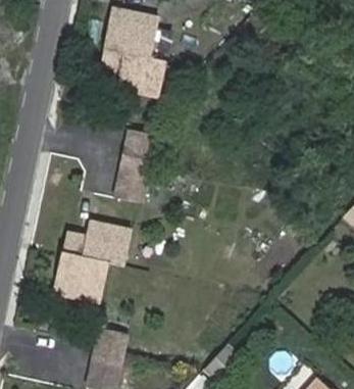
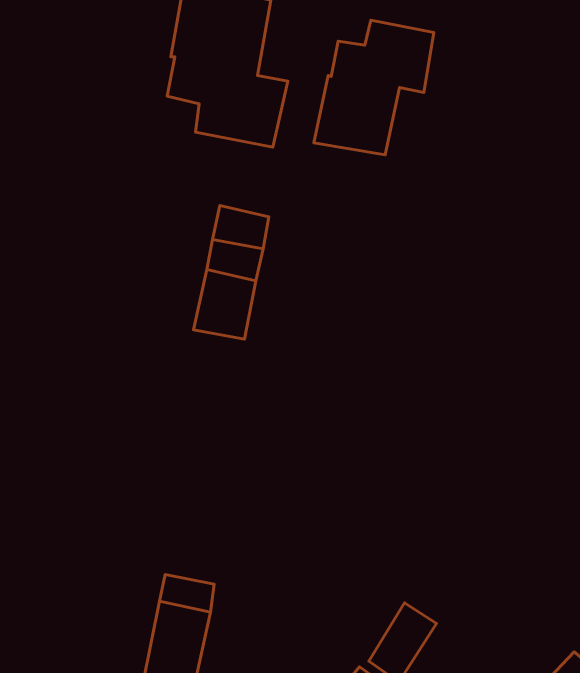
building: none -> [314,20,434,155]
building: [52,223,131,301] -> none

